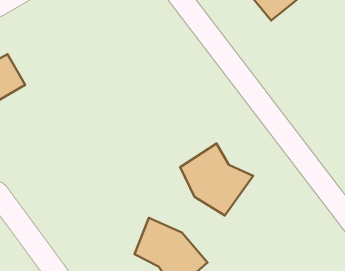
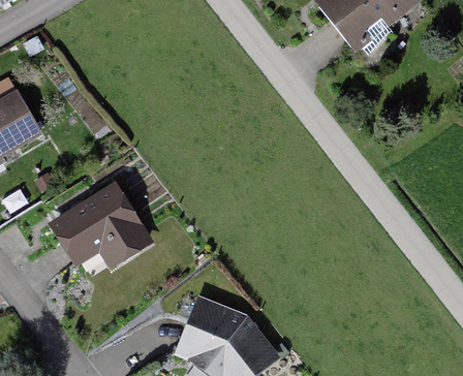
building: none -> [55,192,143,263]
building: [180,143,253,215] -> none

